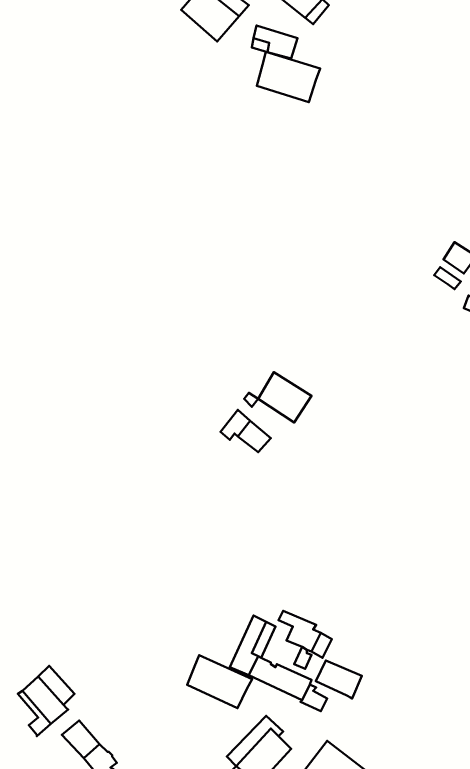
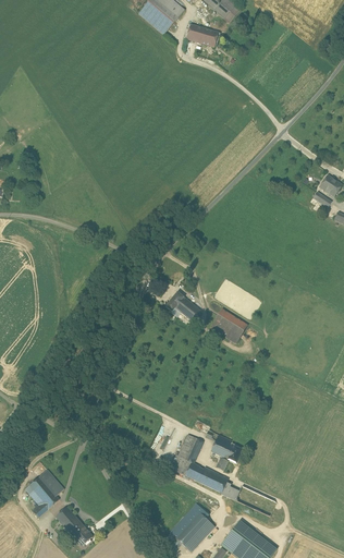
building: [257,52,320,102] -> none
building: [258,372,312,423] -> [211,308,248,343]
building: [187,655,252,708] -> none
building: [316,660,362,698] -> none

